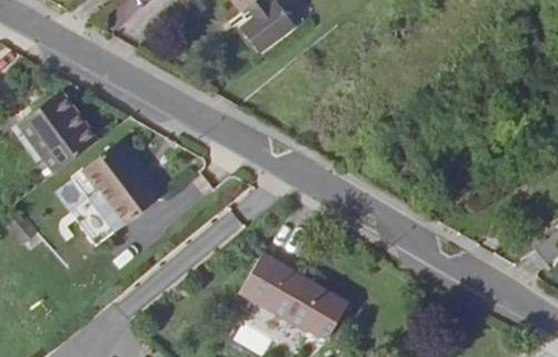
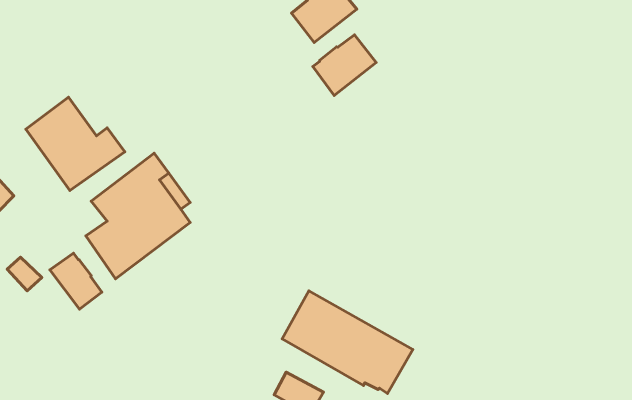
building: none -> [313,35,376,95]
building: none -> [50,253,102,309]

